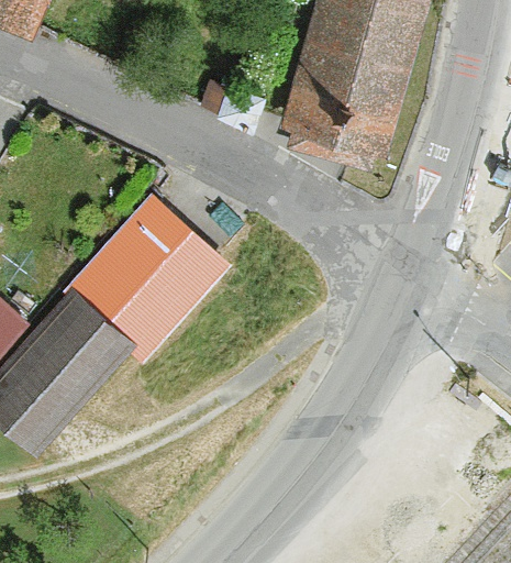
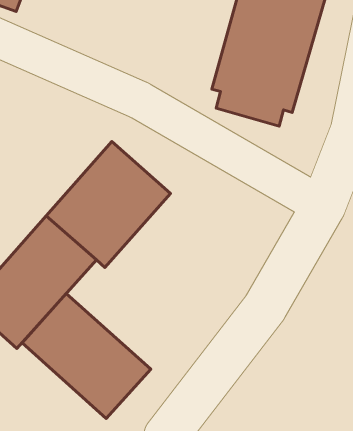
building: none -> [22,294,151,418]

